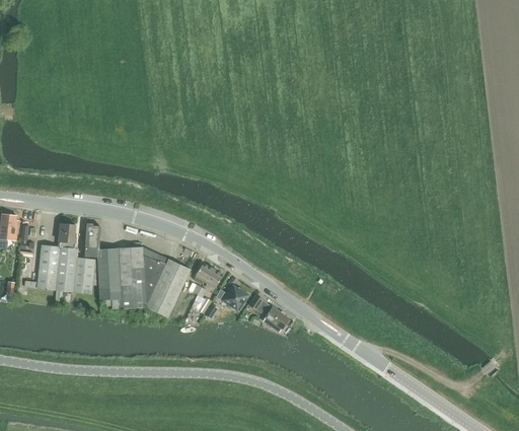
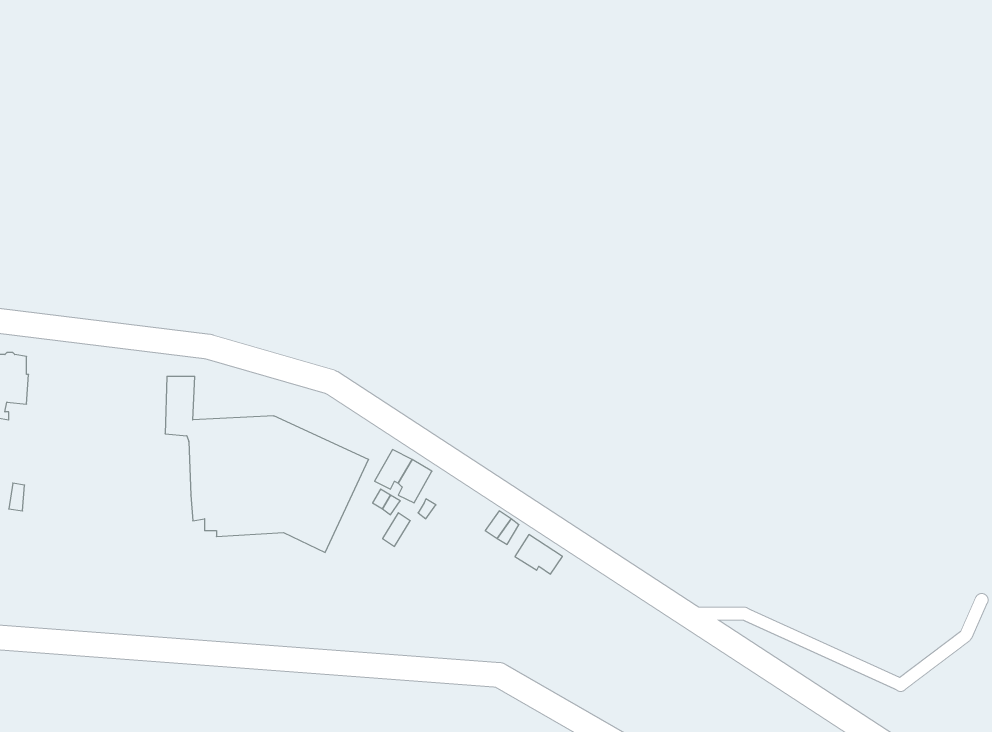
building: [36,223,98,293] -> none
building: [221,284,248,311] -> none

